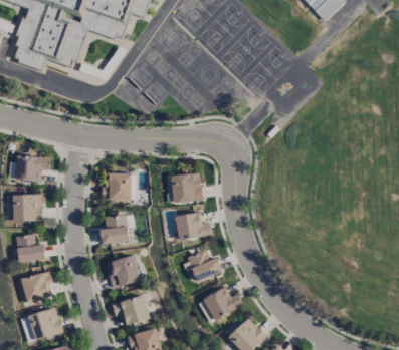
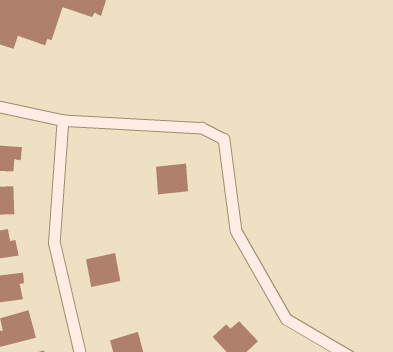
building: [103,173,132,200] -> none
building: [176,213,211,239] -> none
building: [101,215,129,243] -> none
building: [186,249,222,281] -> none
building: [203,287,243,320] -> none
building: [112,296,150,324] -> none

